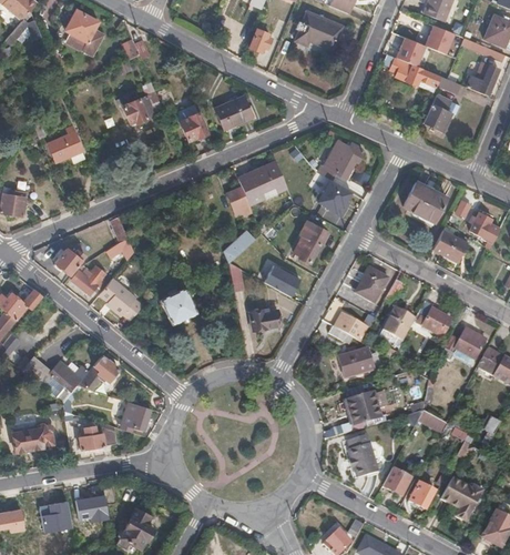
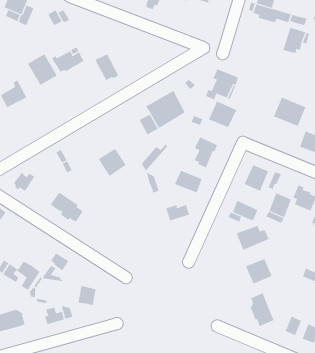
building: none -> [27,53,58,86]
building: [215,95,252,129] -> none
building: [71,263,103,292] -> none
building: [160,287,196,324] -> [98,148,127,177]

